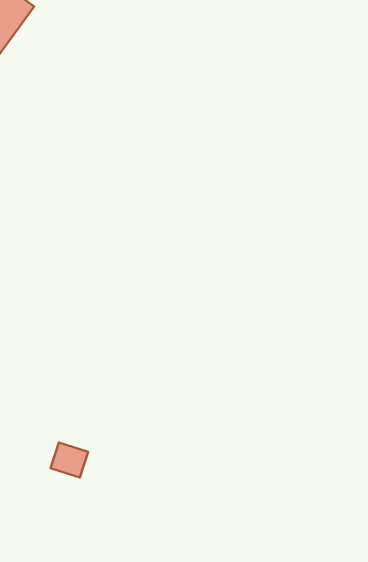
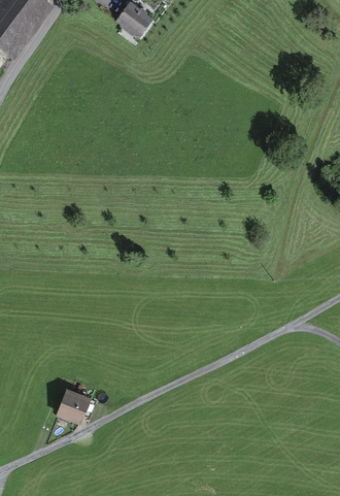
building: none -> [115,6,146,37]

